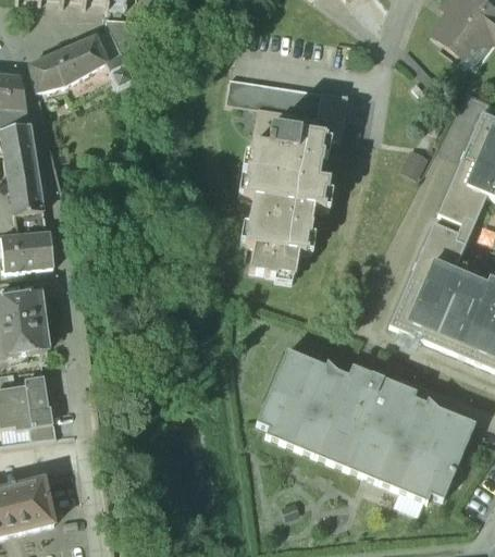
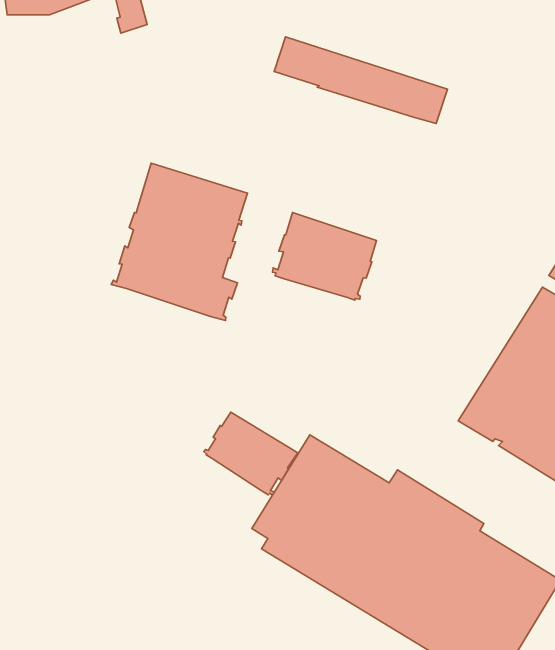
building: [242,107,329,208] -> [111,163,248,320]
building: [249,243,299,275] -> none
building: none -> [204,412,298,495]

